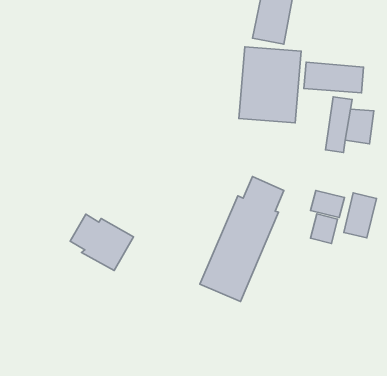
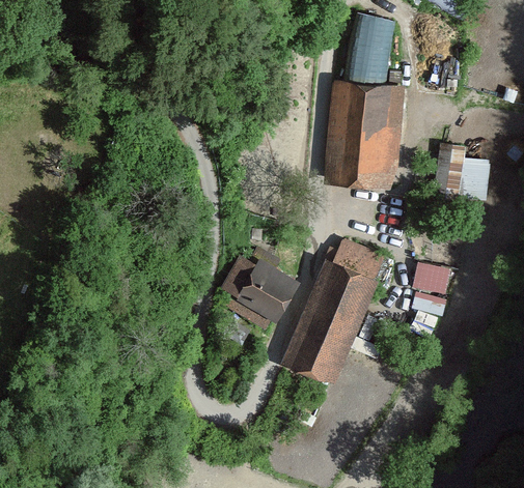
building: [304,62,364,93] -> none
building: [344,193,377,238] -> none
building: [70,214,133,271] -> [222,256,298,323]

